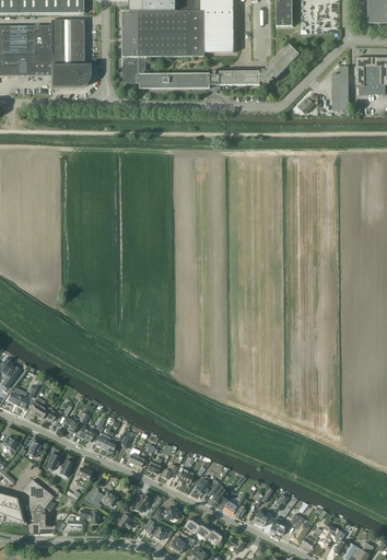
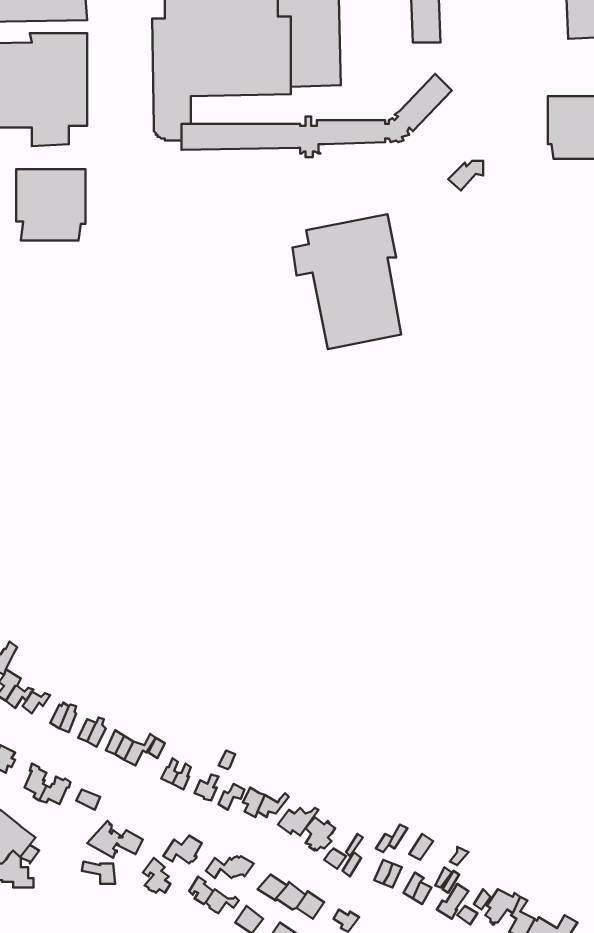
building: [332,66,349,109] -> none
building: none -> [16,169,86,241]
building: none -> [292,214,401,349]

